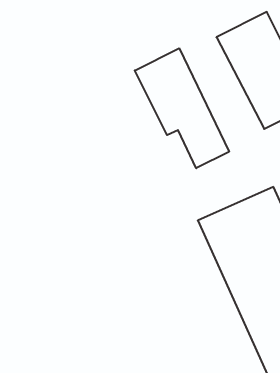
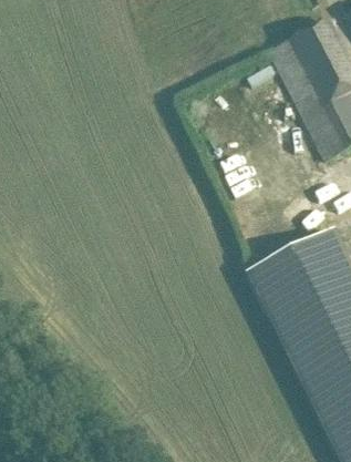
building: [135,48,229,168] -> none

